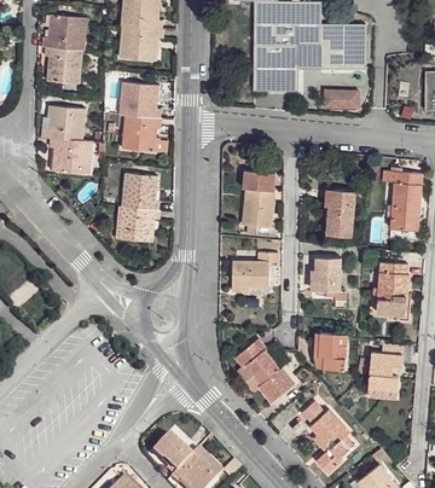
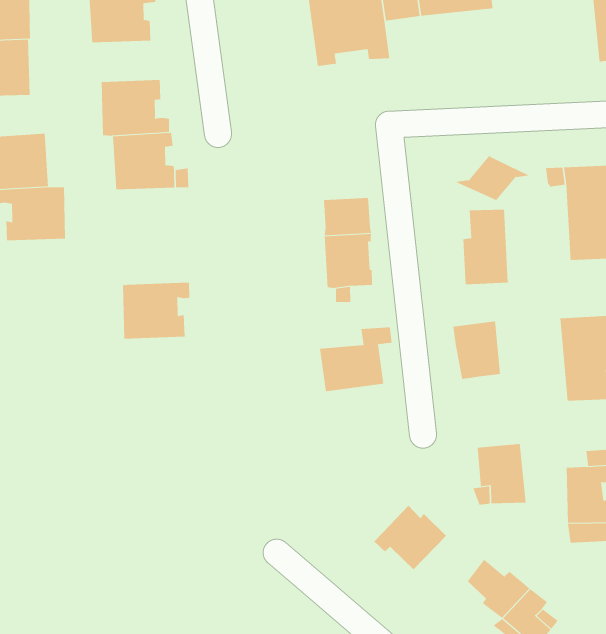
building: [318,85,364,114] -> [455,155,530,202]
building: [121,172,160,209] -> none
building: [234,338,273,380] -> none

